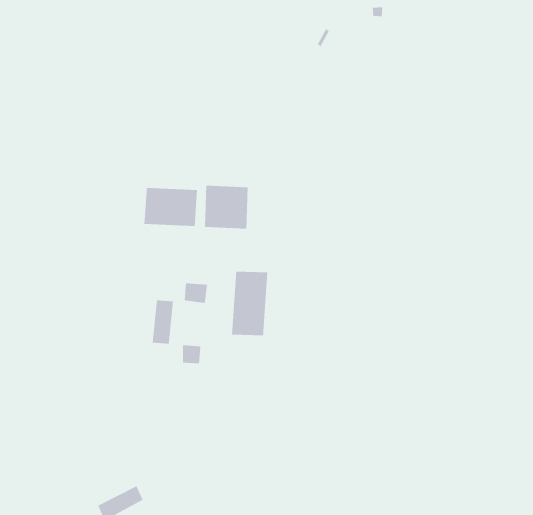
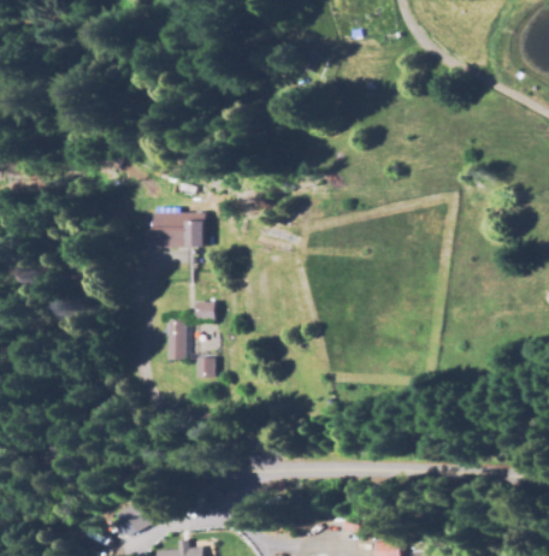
building: [205,185,248,229] -> none
building: [231,271,268,336] -> none

